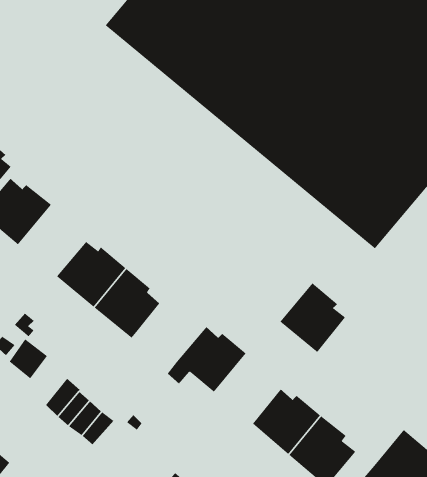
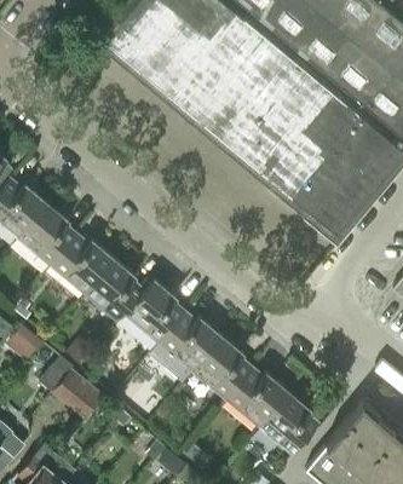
building: none -> [17,202,77,266]
building: [280,282,346,353] -> [192,335,252,398]
building: none -> [125,278,185,342]

